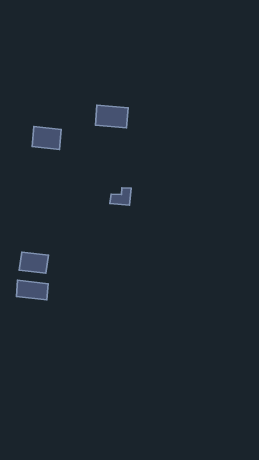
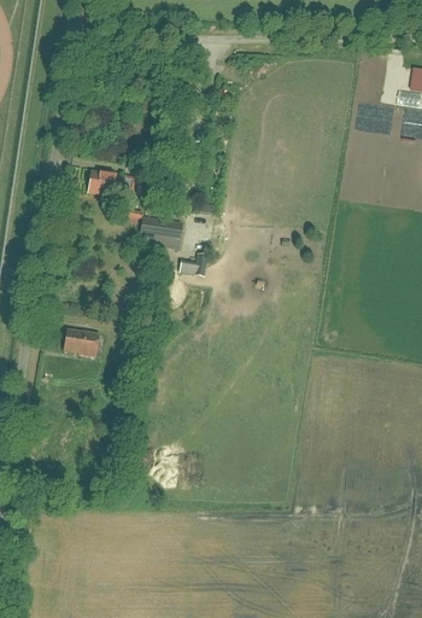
building: [95,105,128,128] -> [140,216,183,247]
building: [16,280,48,300] -> none

